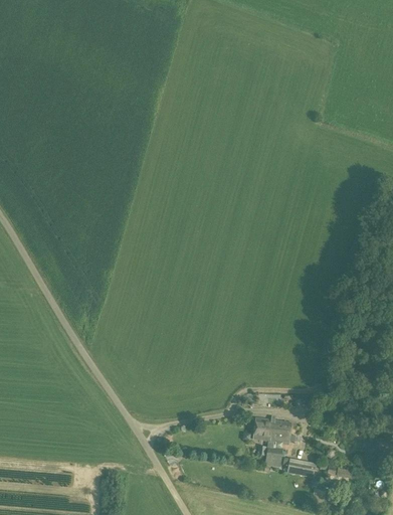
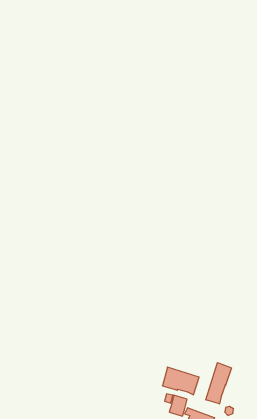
building: none -> [206,363,231,404]

